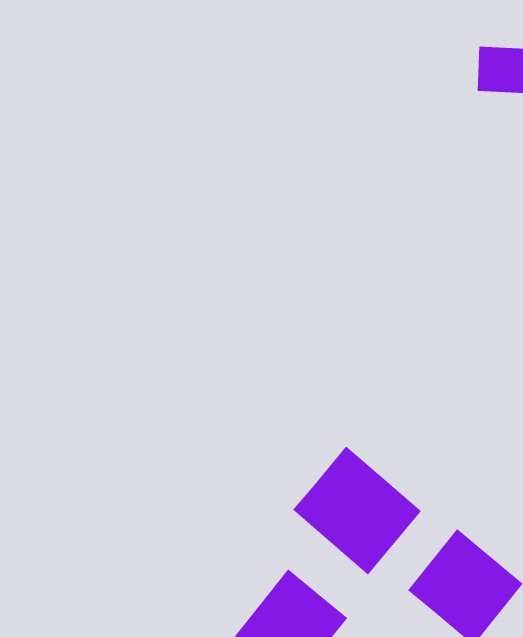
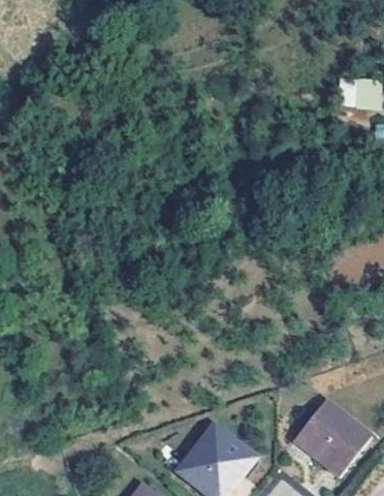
building: [292,445,422,575] -> none

